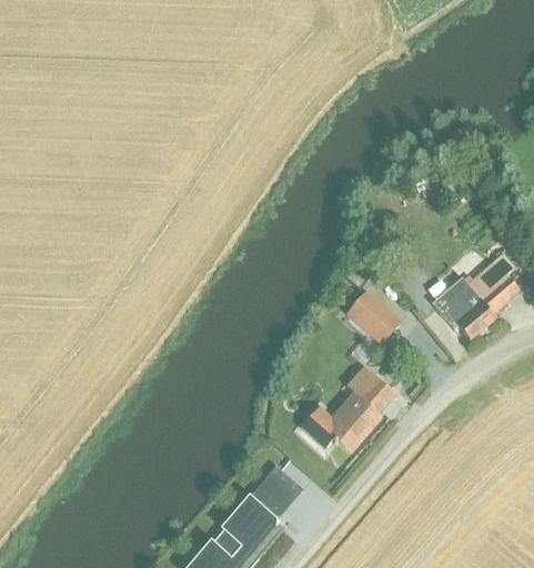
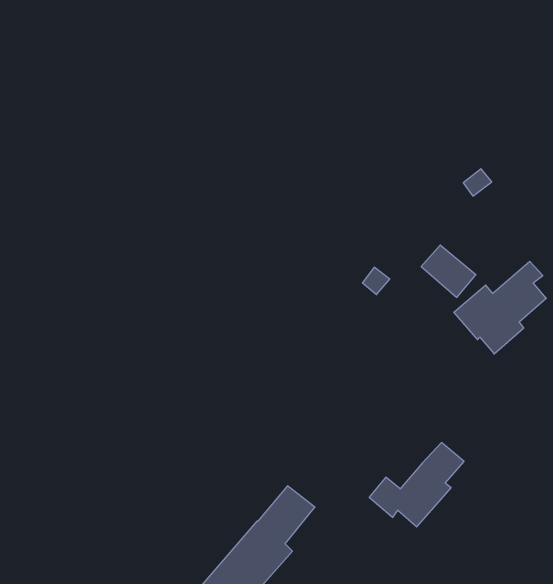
building: [350,292,401,341] -> [421,245,476,297]
building: [304,373,393,452] -> [369,443,464,527]

